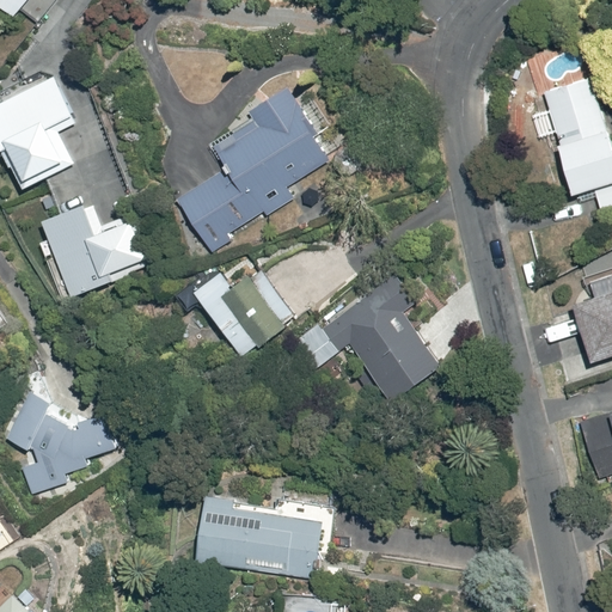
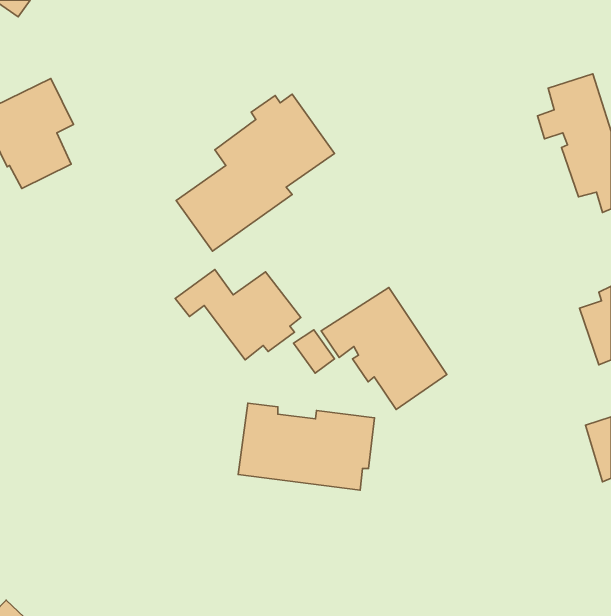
building: [38,200,148,299] -> none
building: [6,391,118,495] -> none
building: [197,492,332,579] -> [238,403,375,490]

